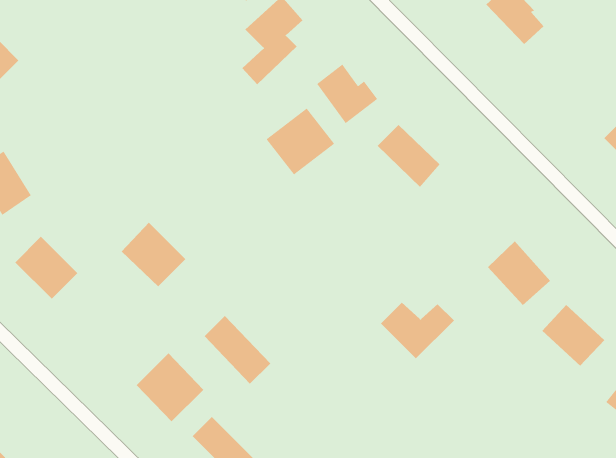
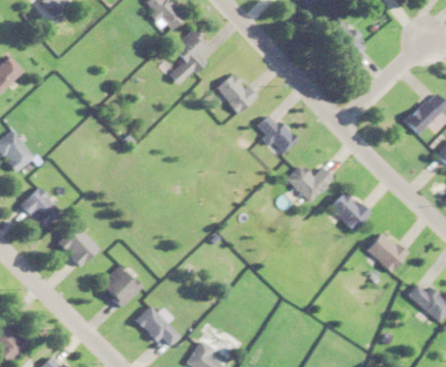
building: [265,108,335,175] -> none
building: [121,222,186,287] -> [56,223,99,266]
building: [380,302,455,359] -> [288,165,337,202]
building: [204,315,271,384] -> none

